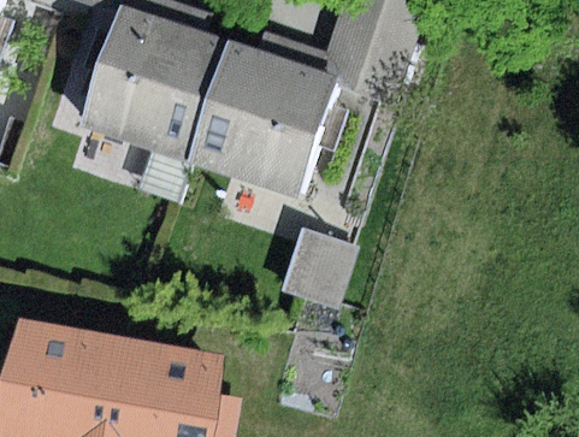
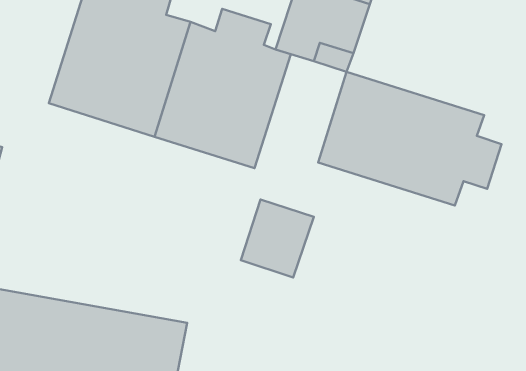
building: none -> [318,72,501,205]

